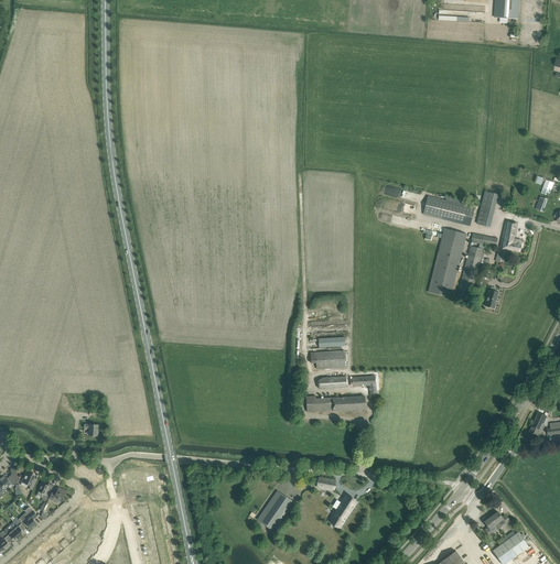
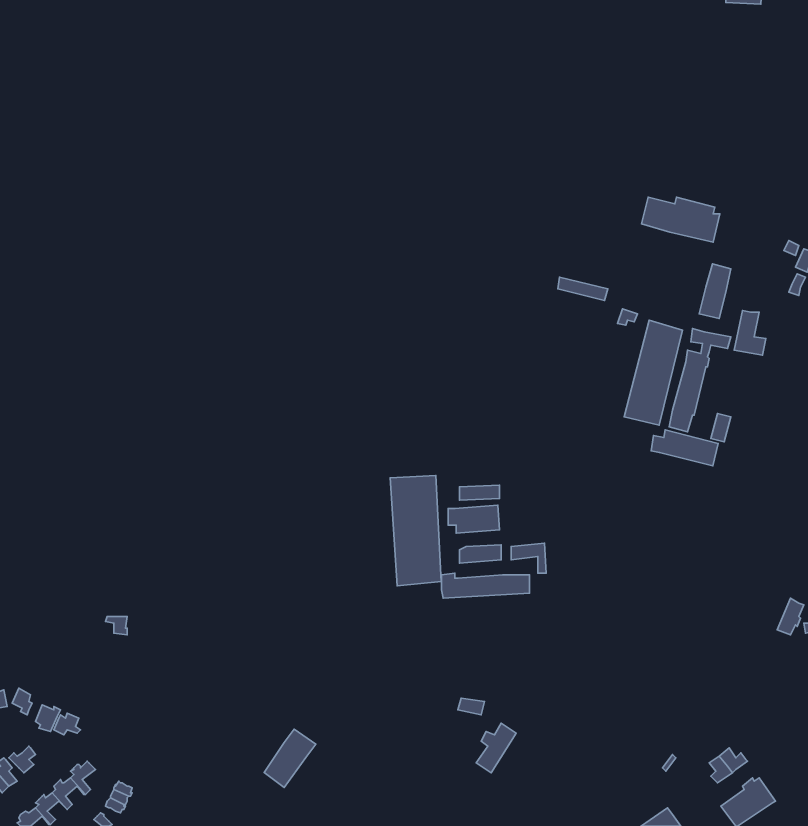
building: [423,196,475,226] -> [642,197,720,242]
building: none -> [651,430,718,466]
building: none -> [390,475,441,586]
building: [258,491,292,530] -> [264,729,316,787]

